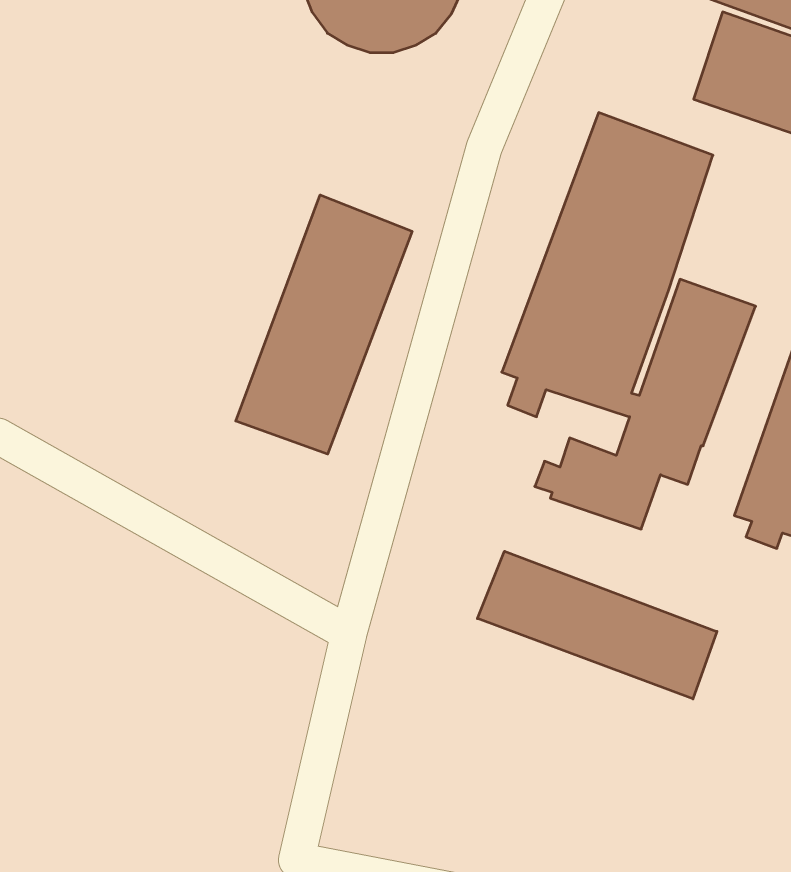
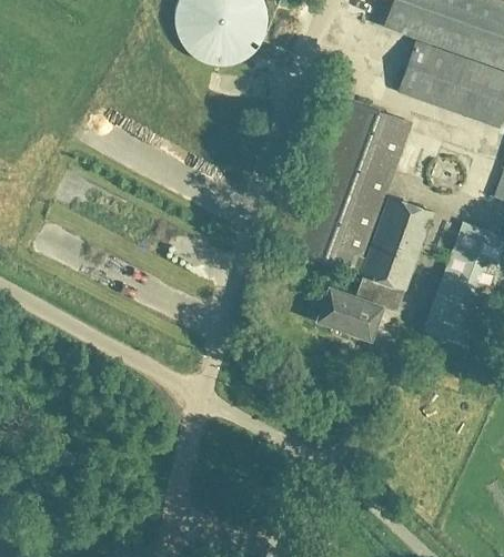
building: [236,195,412,454] -> none
building: [477,551,717,699] -> none

